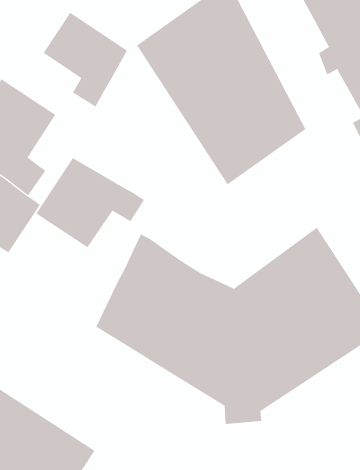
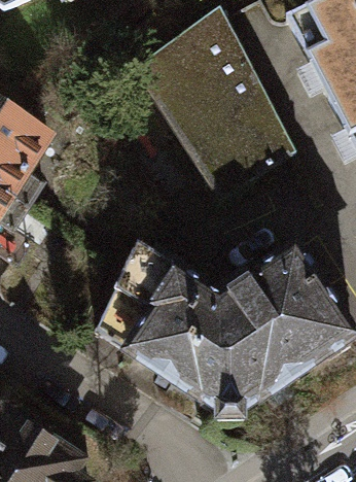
building: [43,12,128,108] -> none
building: [35,157,145,248] -> none

